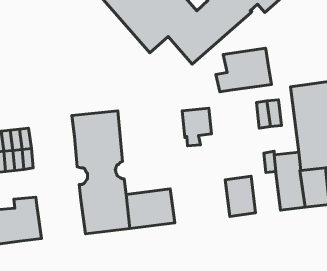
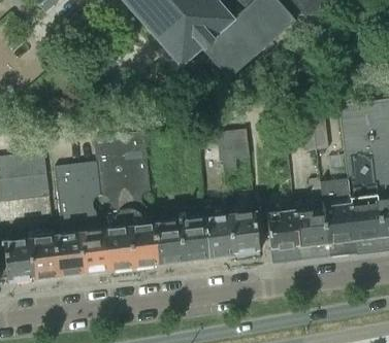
building: [216,48,271,92] -> none
building: none -> [54,161,108,275]
building: none -> [294,202,327,246]
building: none -> [203,213,260,258]

